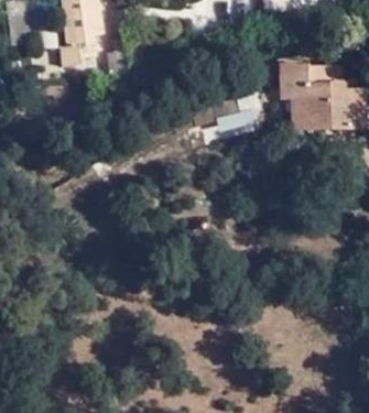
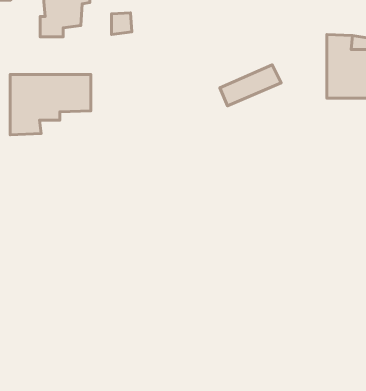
building: [284,63,308,120] -> none
building: none -> [10,75,91,135]

